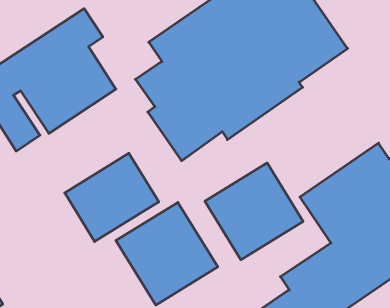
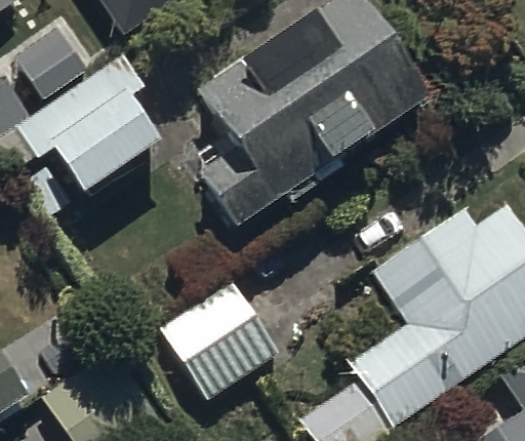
building: [65,153,159,242] -> none
building: [205,163,303,260] -> none

